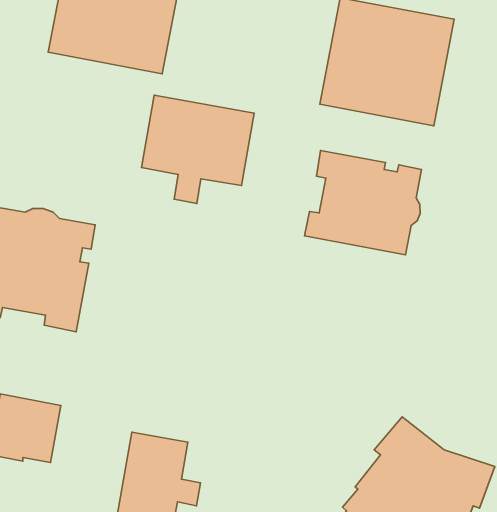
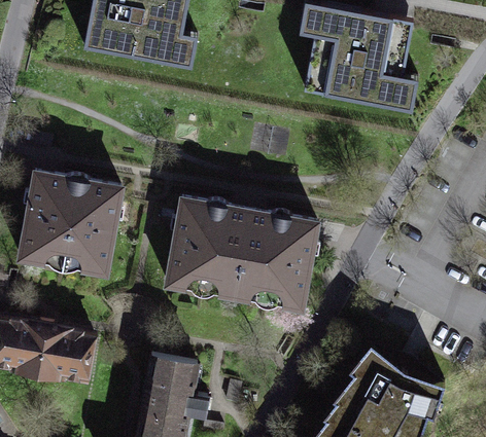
building: [141,95,254,204] -> none
building: [304,150,422,255] -> none
building: none -> [168,198,318,309]

